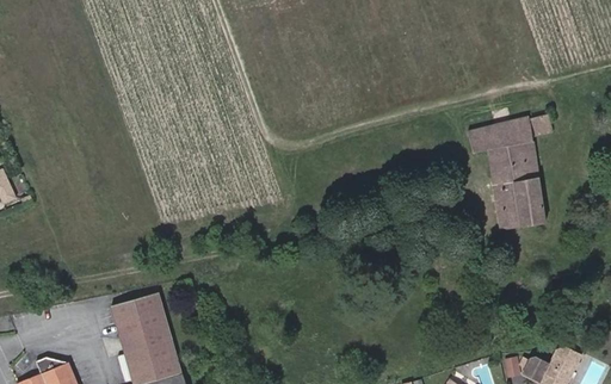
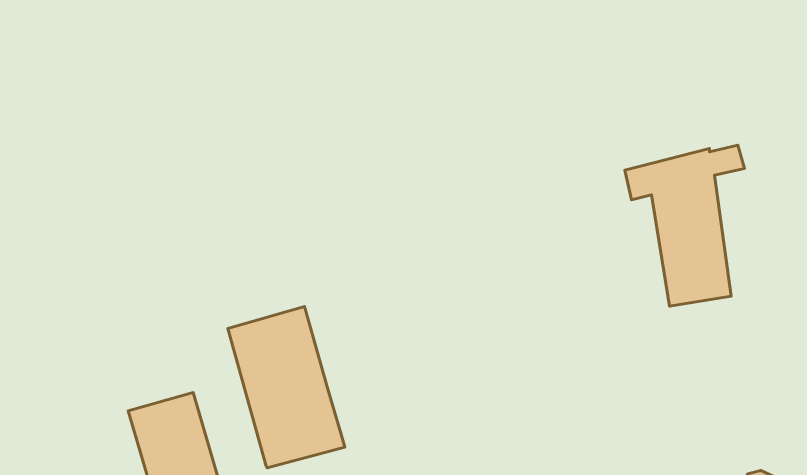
building: none -> [228,306,345,468]

